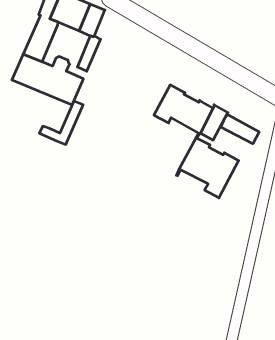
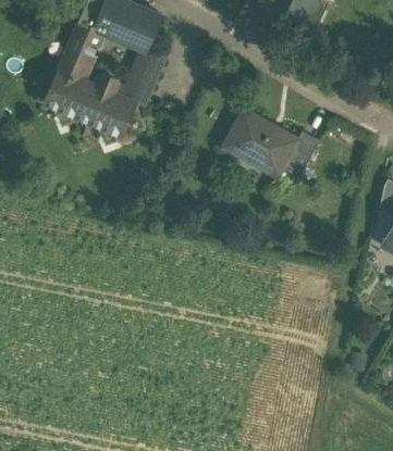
building: [39,101,83,144] -> [112,52,168,107]
building: [221,115,259,144] -> none
building: [176,138,239,198] -> none

